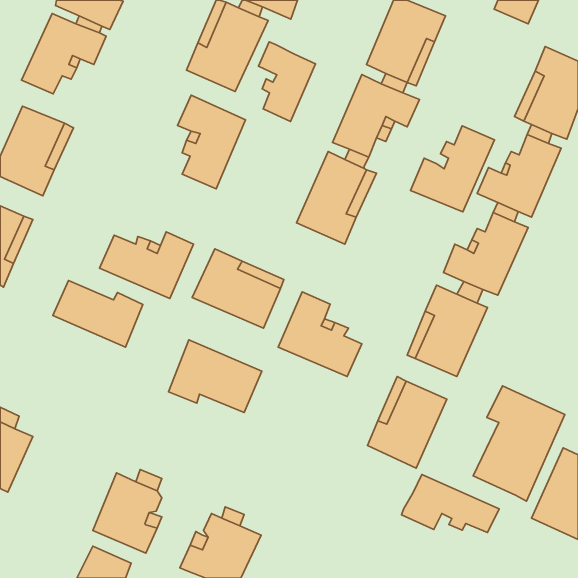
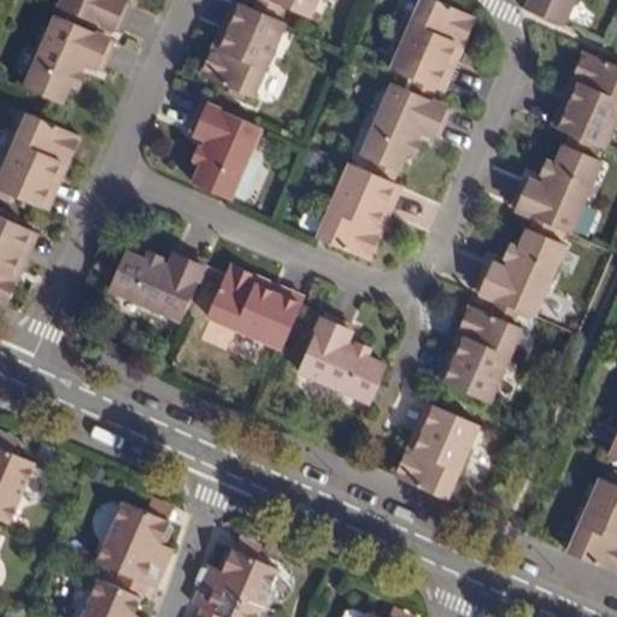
building: [258,42,316,122] -> none
building: [410,126,494,212] -> none
building: [53,280,143,347] -> none
building: [168,340,262,412] -> none
building: [473,386,565,501] -> none
building: [401,475,499,533] -> none

